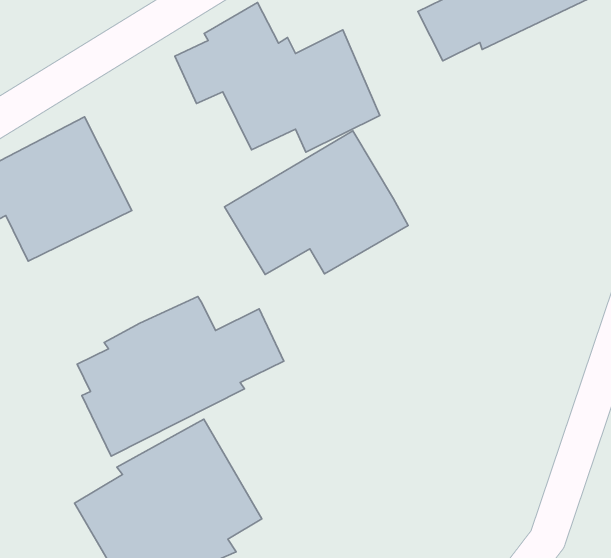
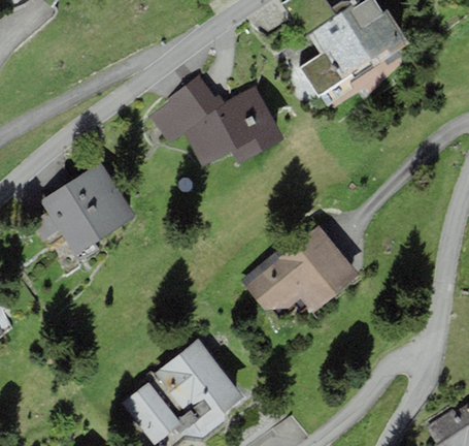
building: [224,131,408,275] -> [242,223,359,320]
building: [77,296,284,456] -> none

